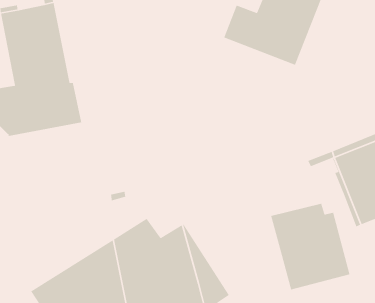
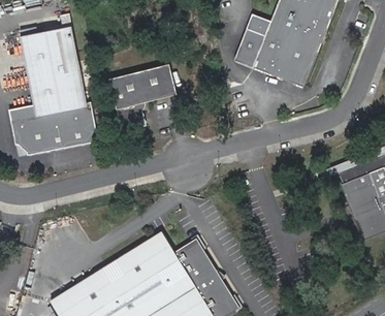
building: none -> [105,63,173,131]
building: [270,203,350,291] -> none

